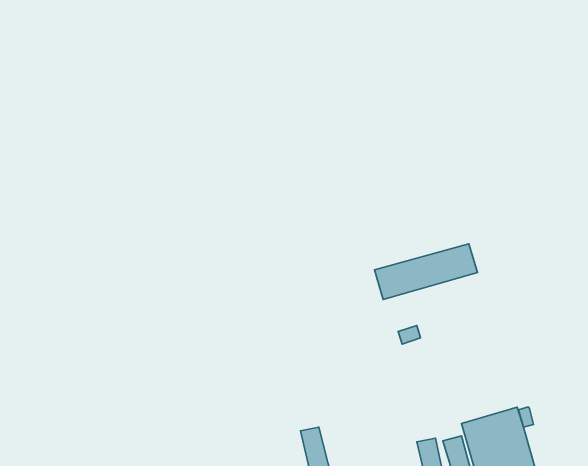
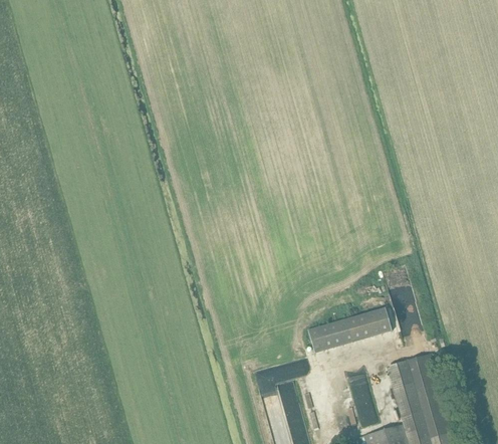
building: [375,244,478,300] -> [308,307,392,353]

